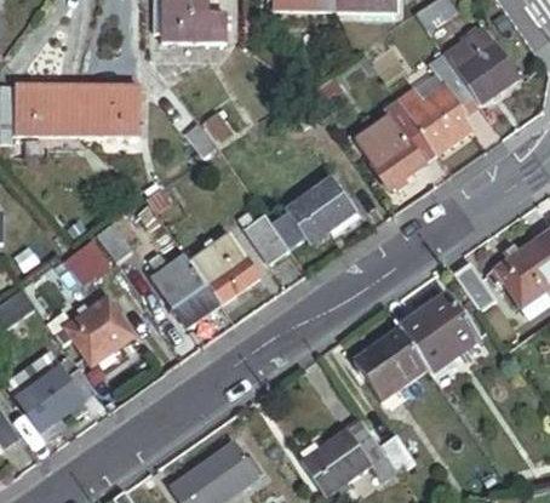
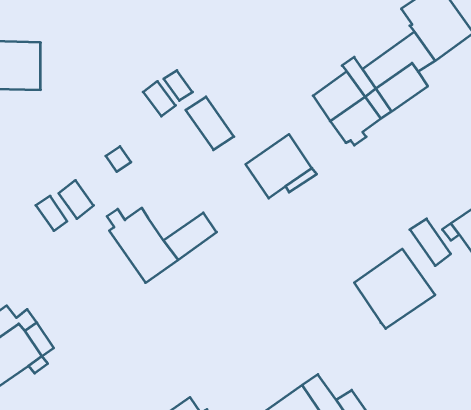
building: [397,53,458,113] -> none
building: [82,86,143,133] -> none
building: [246,216,294,269] -> [186,97,234,150]
building: [190,234,246,285] -> none
building: [58,298,134,365] -> none
building: [353,327,424,399] -> none

